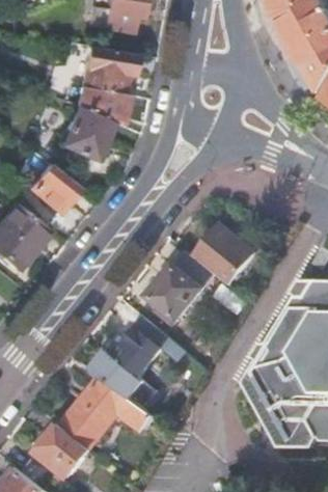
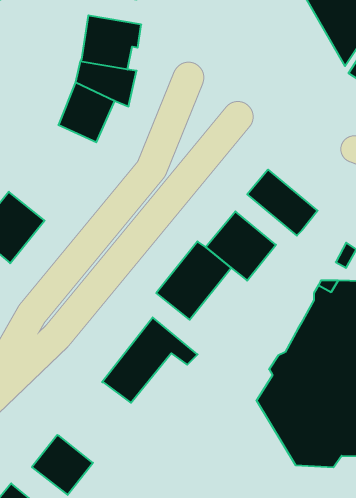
building: [27,164,75,212] -> none
building: none -> [247,170,318,236]
building: [59,376,153,448] -> none

